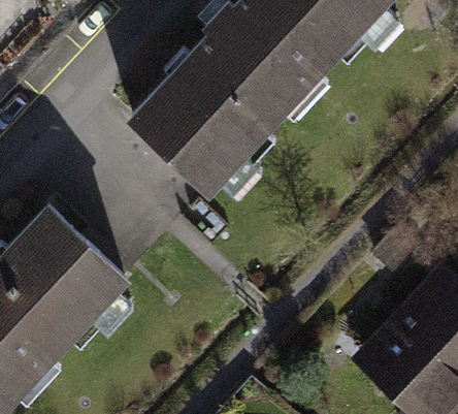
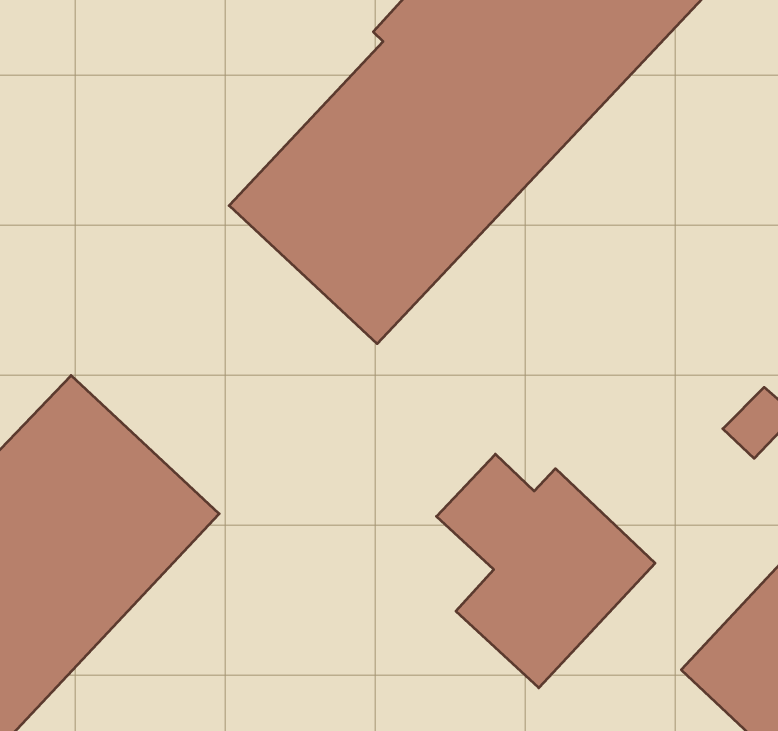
building: none -> [436,454,655,688]

